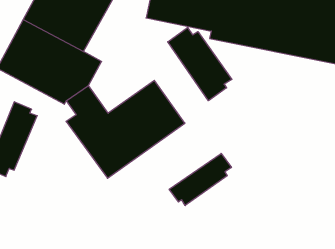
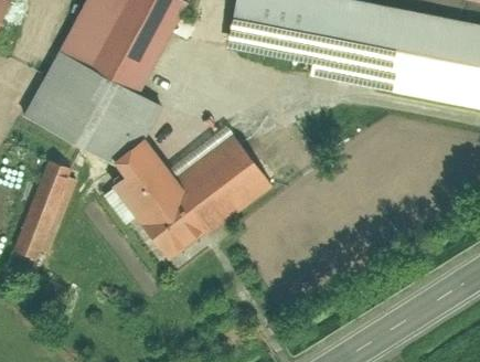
building: [168,27,232,101] -> none
building: [169,153,231,206] -> none

